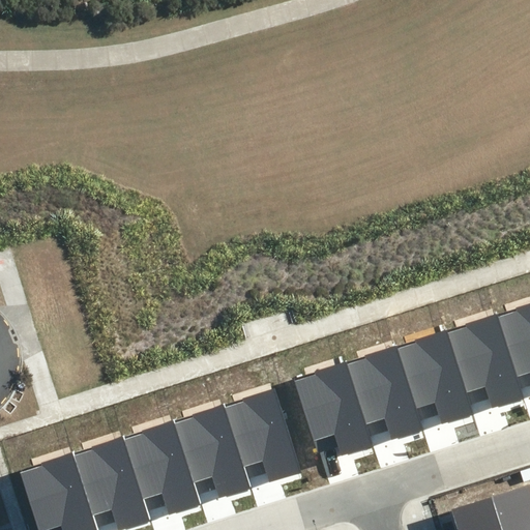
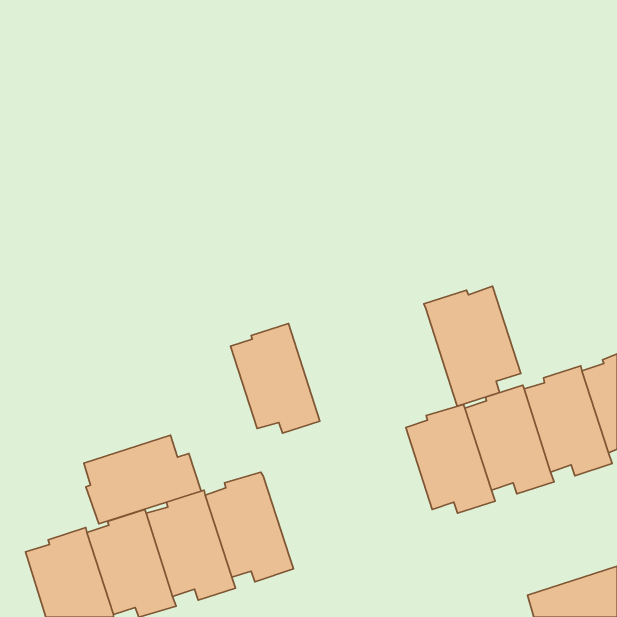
building: none -> [424,286,521,406]
building: [295,362,374,457] -> none
building: none -> [84,435,201,524]
building: [226,388,302,482] -> [231,323,320,433]

